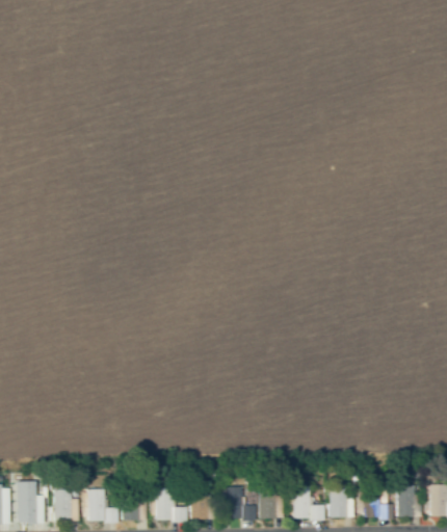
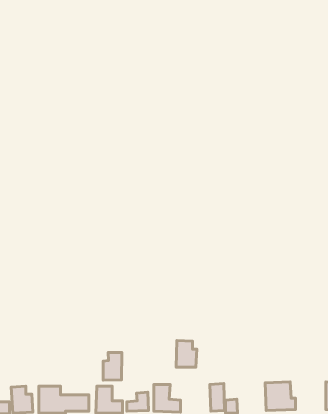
building: none -> [103,352,122,380]
building: [397,485,415,517] -> none
building: [258,486,283,518] -> [176,340,197,367]
building: [328,486,353,518] -> none

